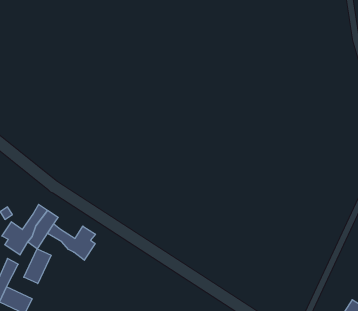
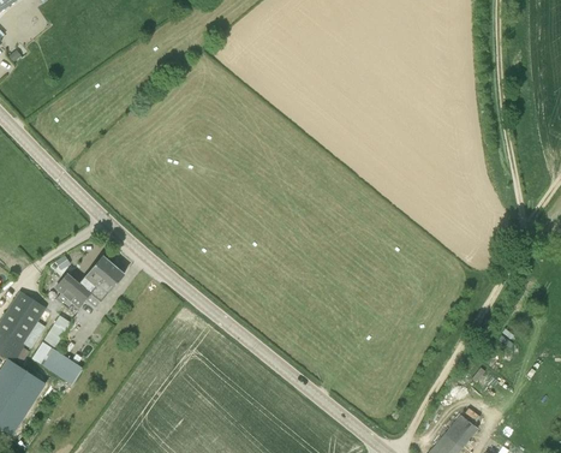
building: [48,224,95,260] -> none
building: [24,249,51,284] -> none

